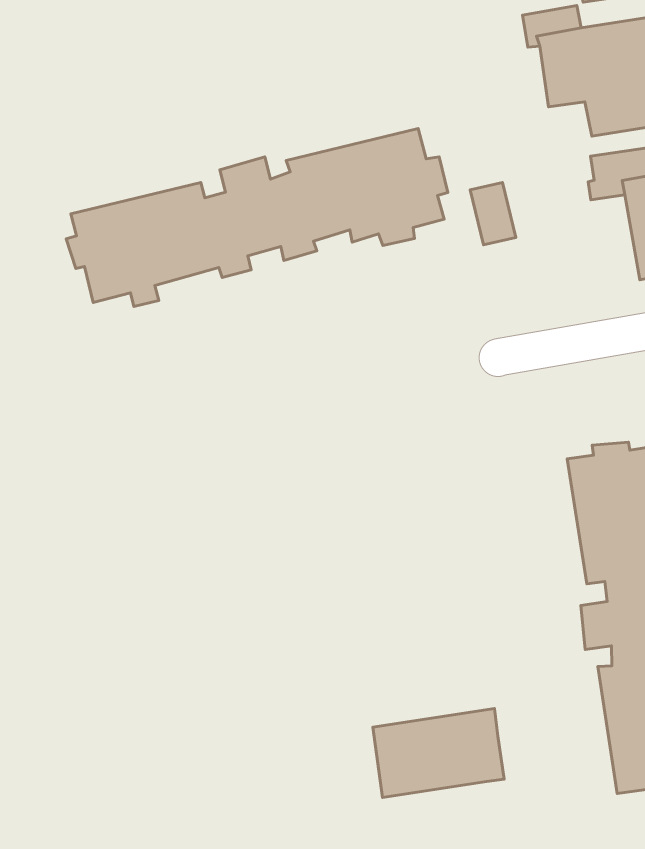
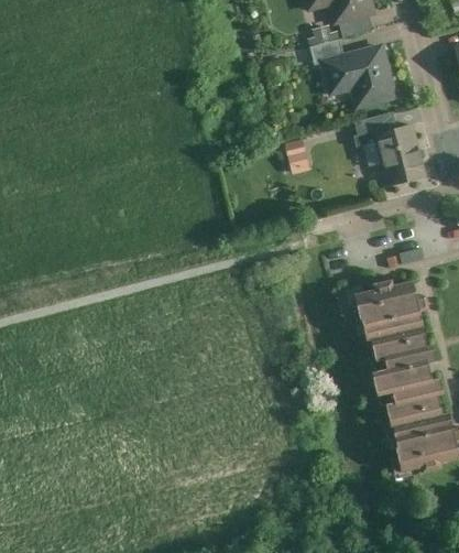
building: [66,128,448,307] -> none
building: [373,709,504,798] -> none

